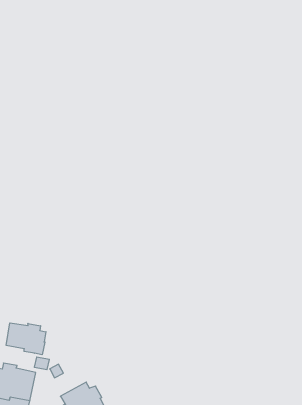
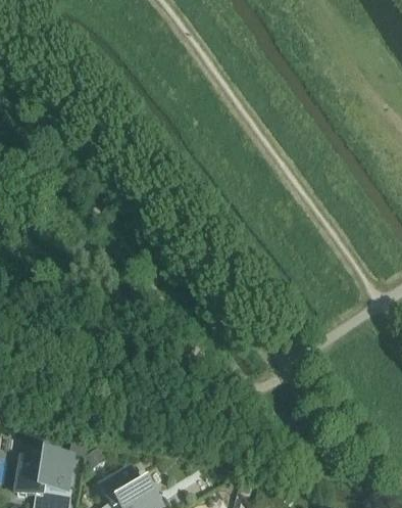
building: [6,323,46,355] -> none

